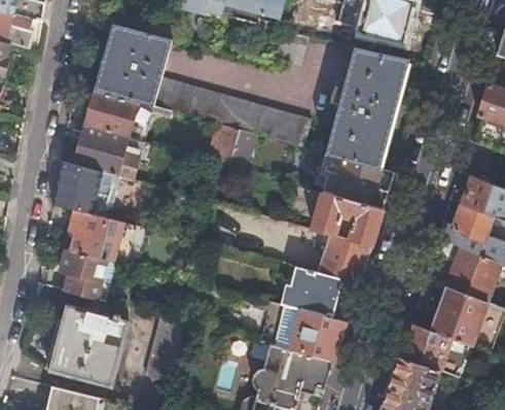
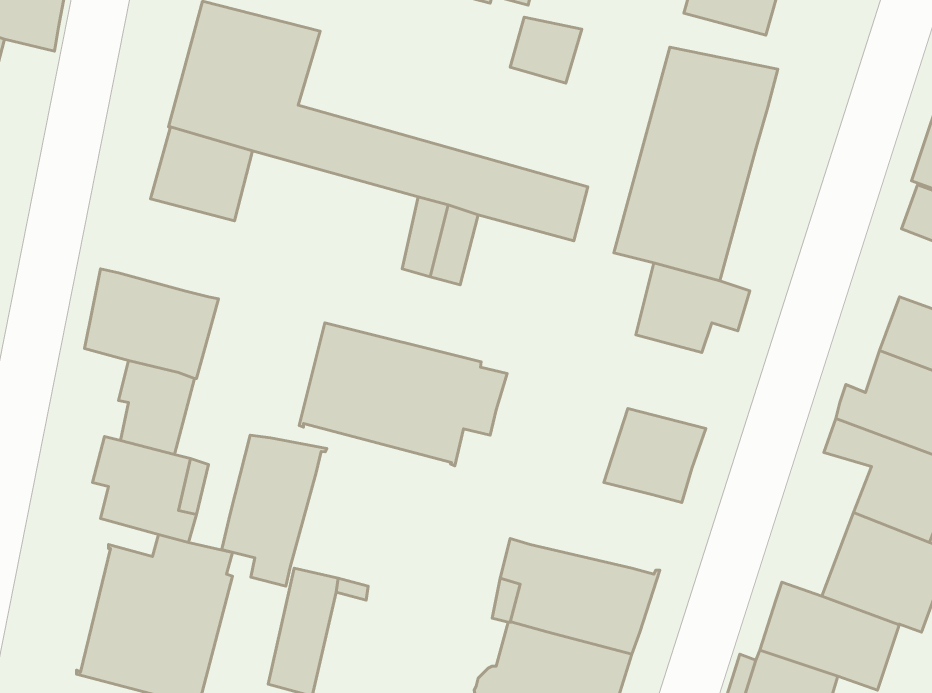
building: [60,126,129,176] -> none
building: none -> [299,323,507,466]
building: [312,192,383,244] -> none
building: none -> [221,435,327,586]
building: [281,265,344,316] -> none

